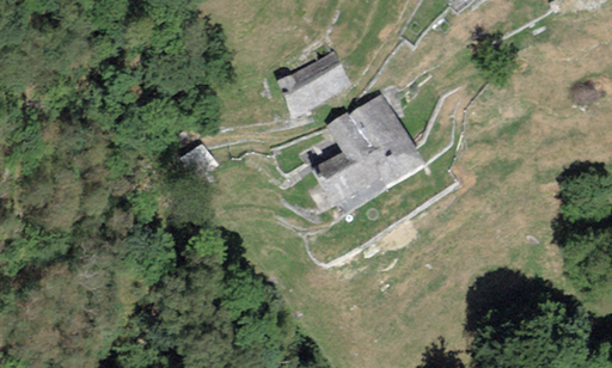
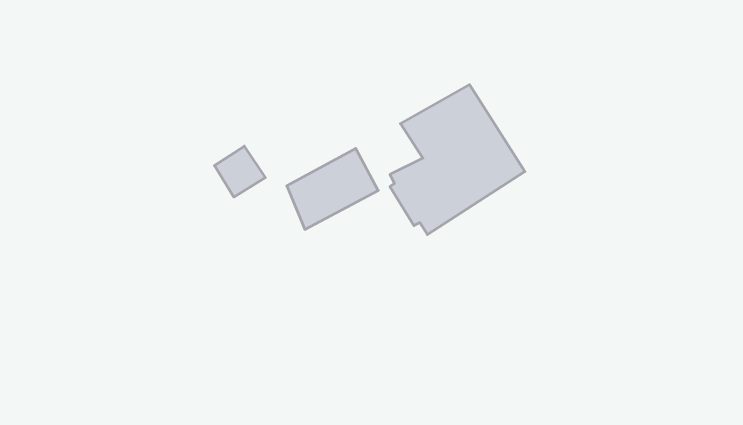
building: [279,51,351,116] -> [287,148,378,229]

